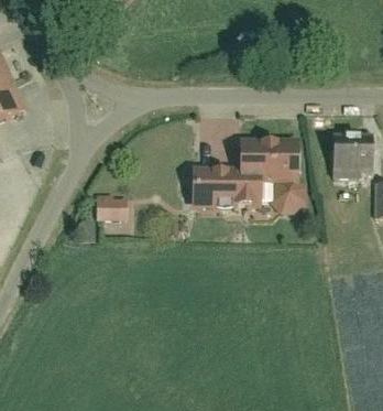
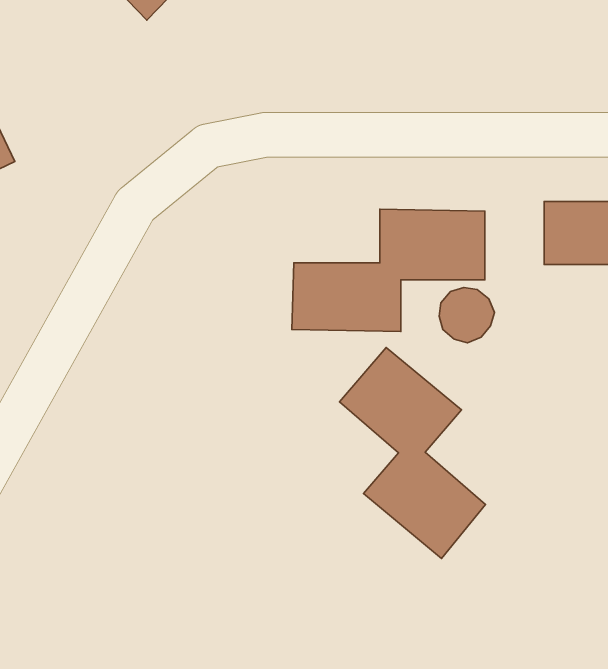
building: [100,194,130,216] -> none
building: none -> [340,347,485,558]

